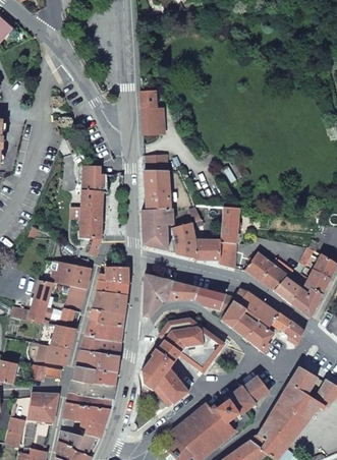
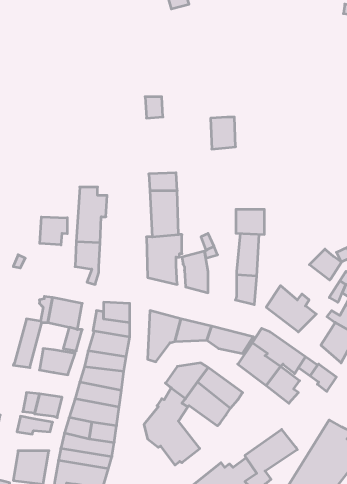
building: [143,107,164,134] -> [211,117,236,149]
building: none -> [40,217,67,245]
building: [195,239,220,261] -> [236,209,264,234]
building: [274,277,301,303] -> [309,249,341,280]
building: [51,325,75,347] -> none

